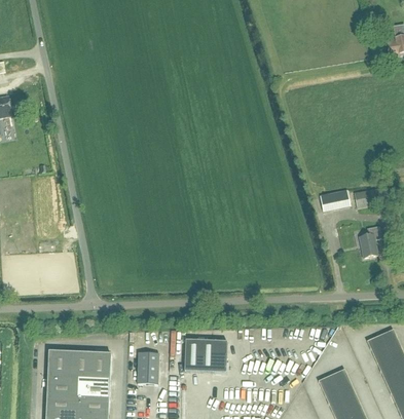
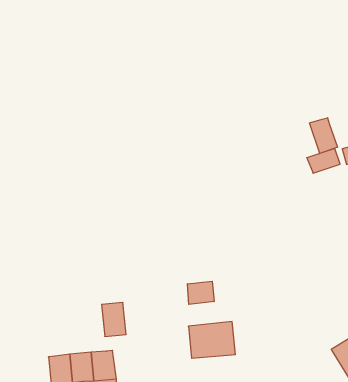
building: none -> [309,118,337,154]
building: none -> [188,281,214,304]
building: [138,351,159,383] -> [102,303,126,336]

